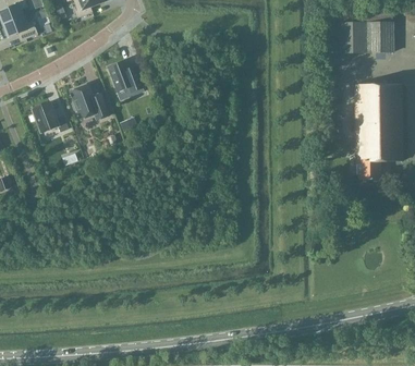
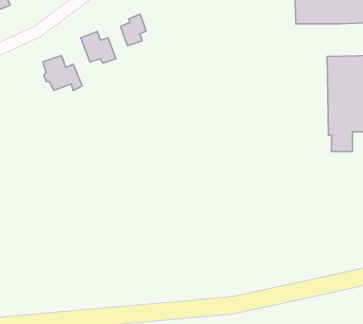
building: none -> [120,14,146,46]
building: [33,102,69,132] -> none

